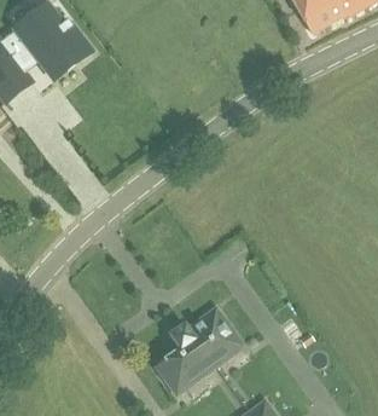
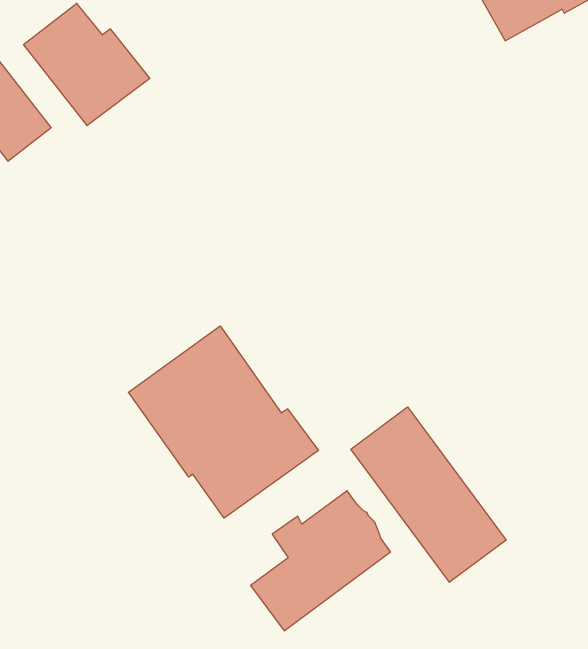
building: none -> [128,326,318,518]
building: none -> [351,407,506,582]

